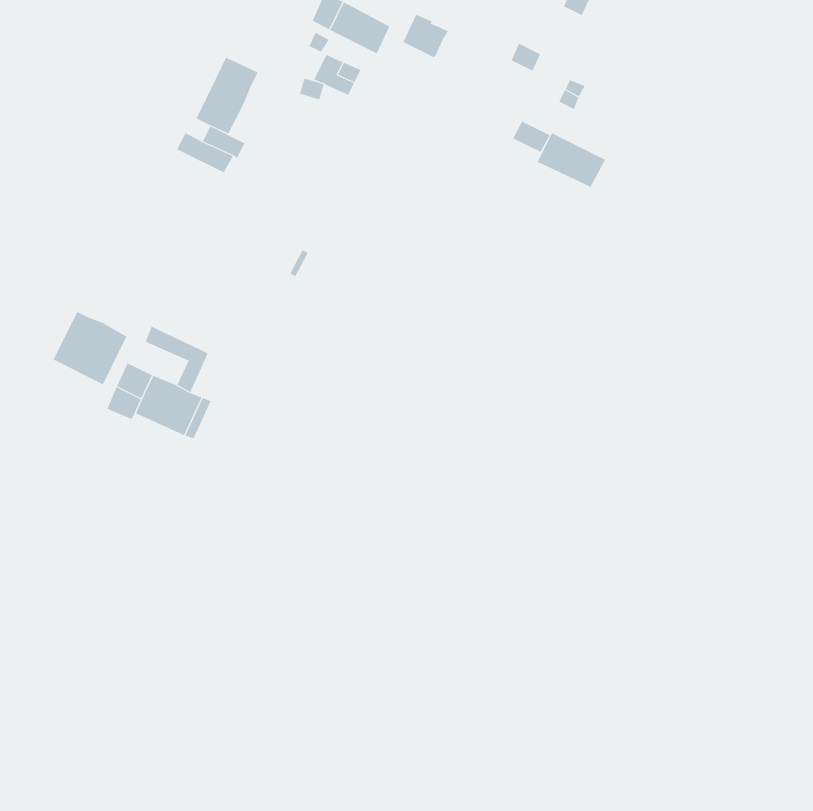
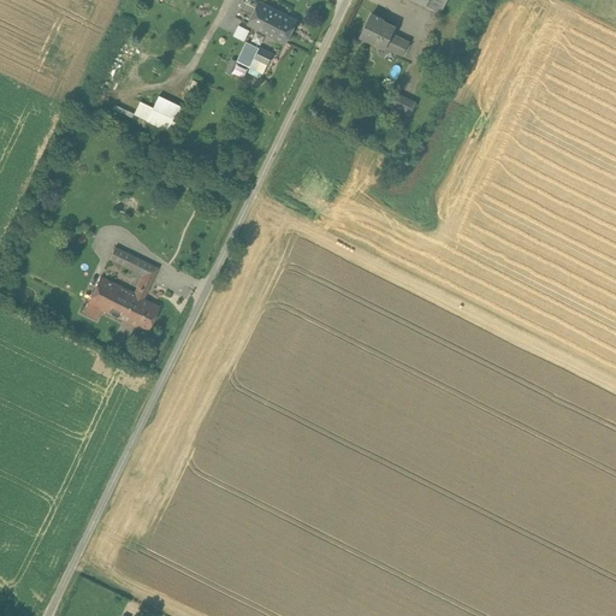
building: [403,14,449,58] -> [361,13,396,47]
building: [196,57,259,134] -> none
building: [537,132,606,188] -> none
building: [53,311,127,385] -> none

